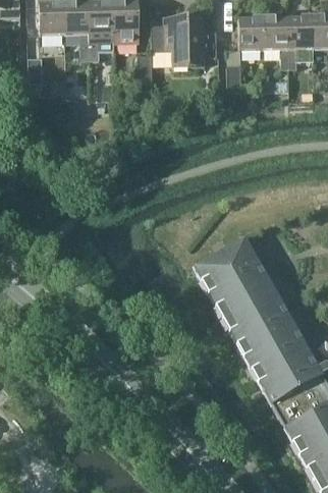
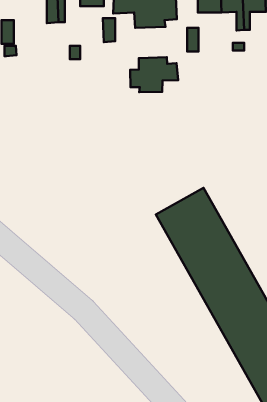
building: none -> [130,57,178,92]

